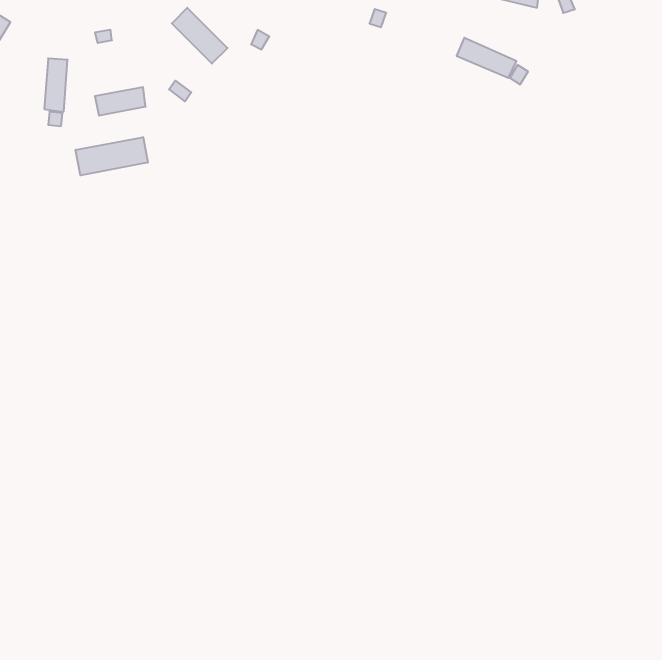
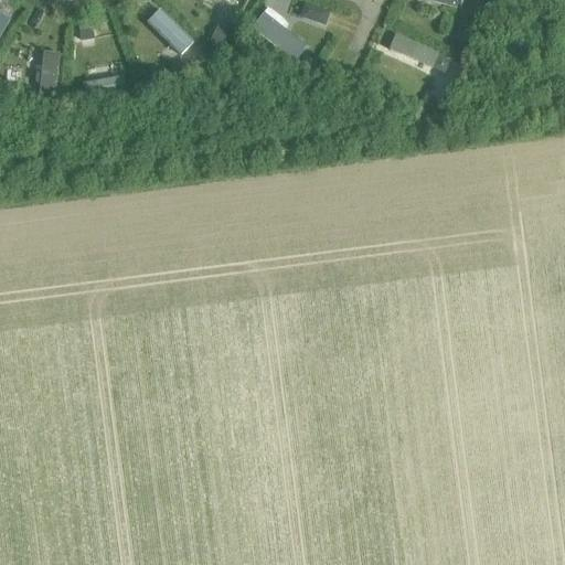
building: none -> [253,9,302,54]
building: [76,137,148,175] -> none

